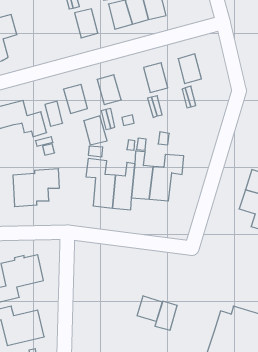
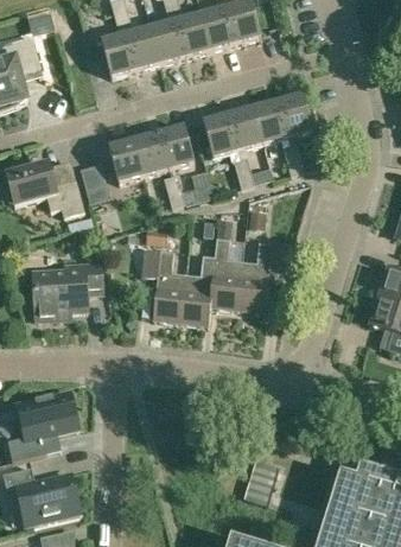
building: none -> [149,20,184,63]
building: none -> [100,33,134,76]
building: none -> [253,101,287,144]
building: none -> [202,114,236,158]
building: [84,116,107,145] -> [134,132,168,174]
building: [137,296,162,322] -> none

